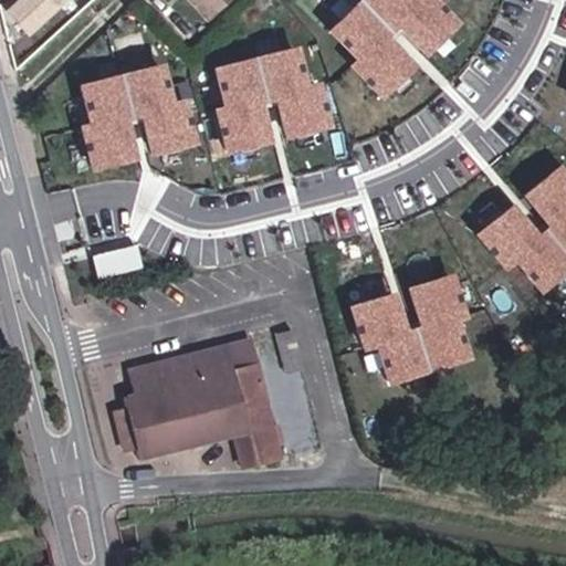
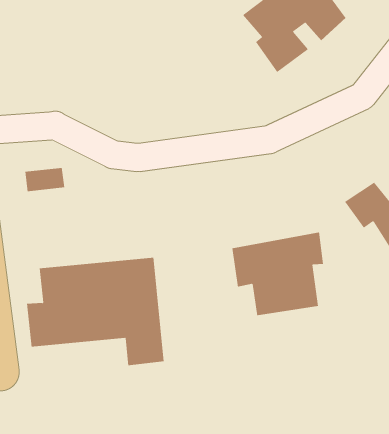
building: [217,43,339,153] -> none
building: [81,62,201,167] -> none

